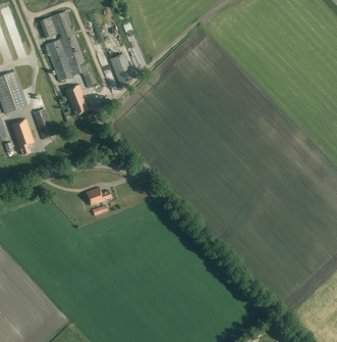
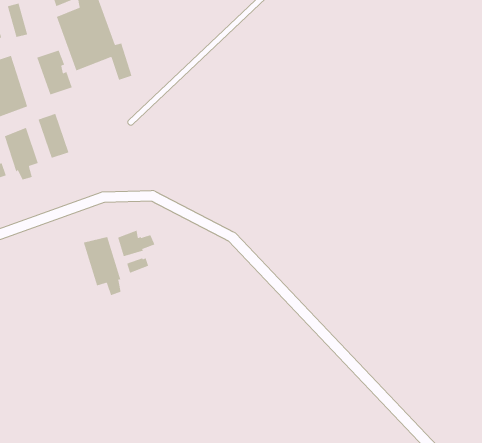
building: [109,53,133,84] -> none
building: [65,85,90,115] -> [36,49,73,95]
building: none -> [83,236,122,296]

